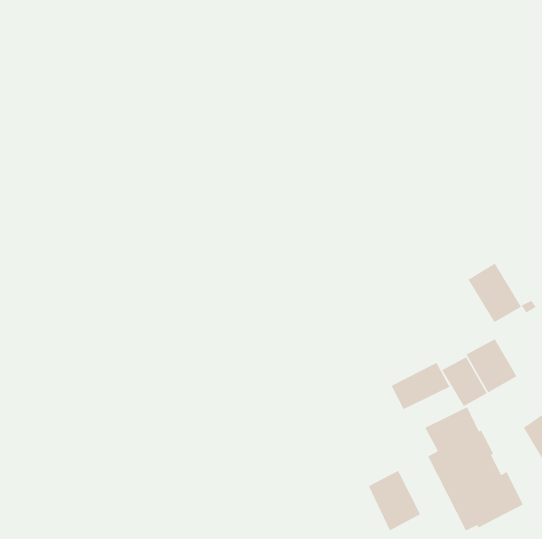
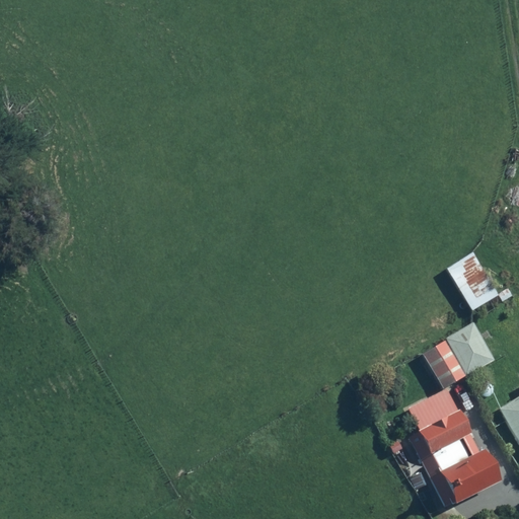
building: [390,362,450,410] -> none
building: [368,470,421,531] -> none

